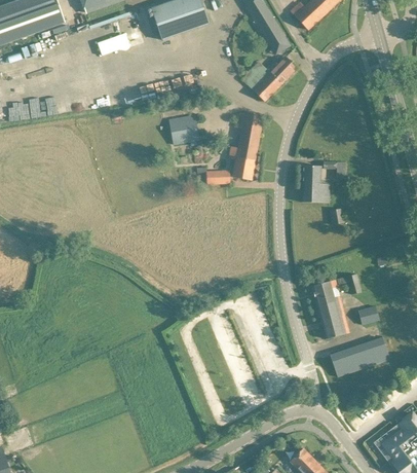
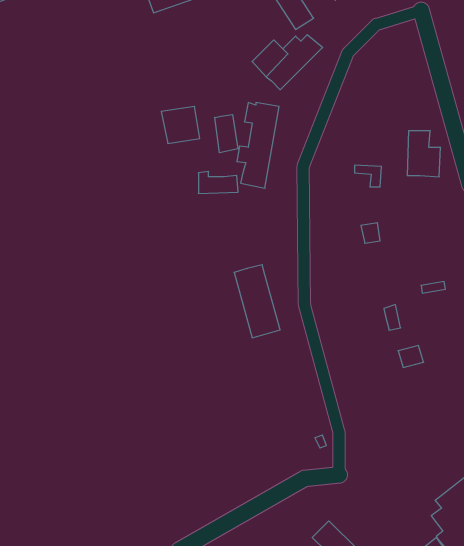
building: none -> [215,115,238,153]
building: [303,166,330,203] -> [407,131,441,177]
building: [312,280,349,338] -> [234,265,280,338]
building: [330,337,389,376] -> none

